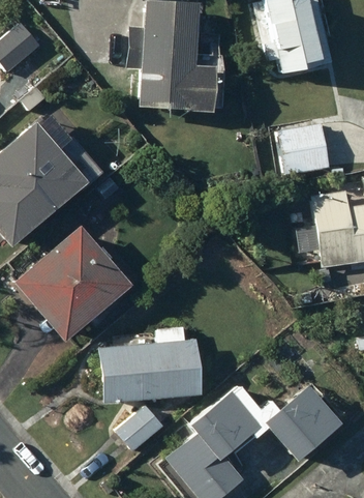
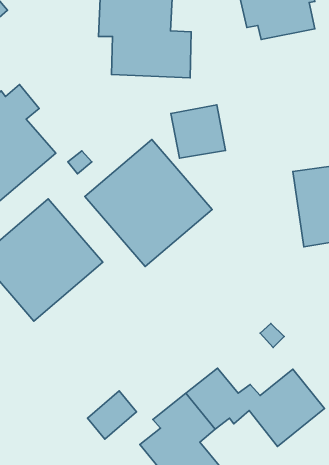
building: [278,124,330,175] -> [171,105,225,158]
building: none -> [85,139,212,266]
building: [100,326,202,403] -> none

